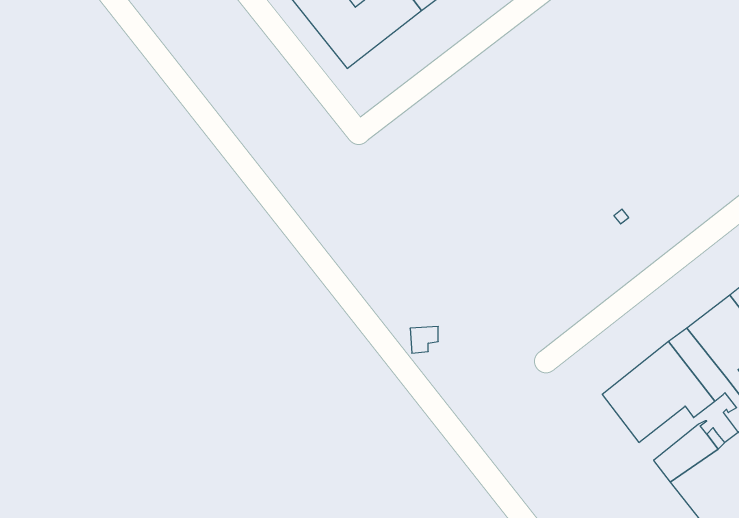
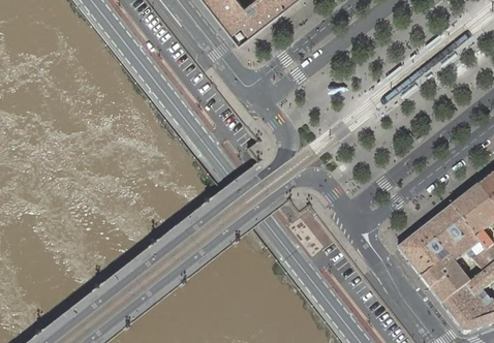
building: none -> [421,256,462,290]

